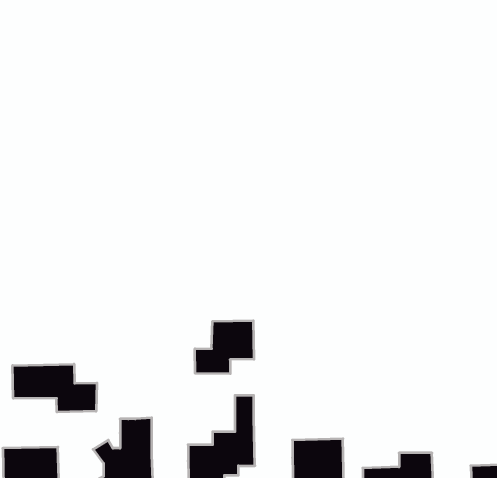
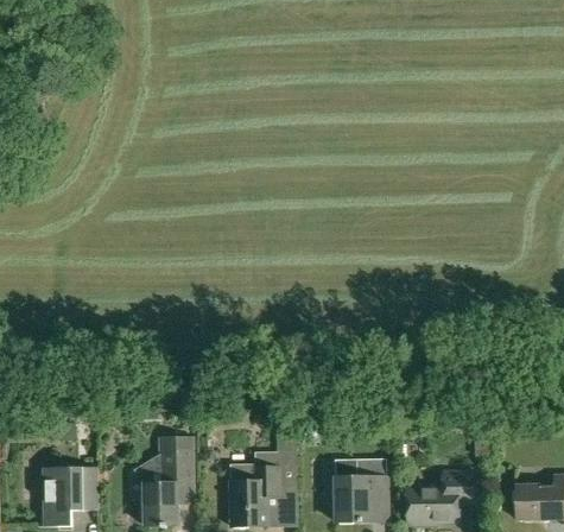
building: [195,321,254,374] -> none
building: [13,364,97,412] -> none

